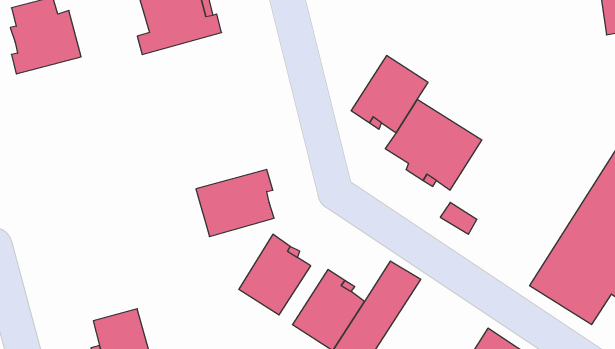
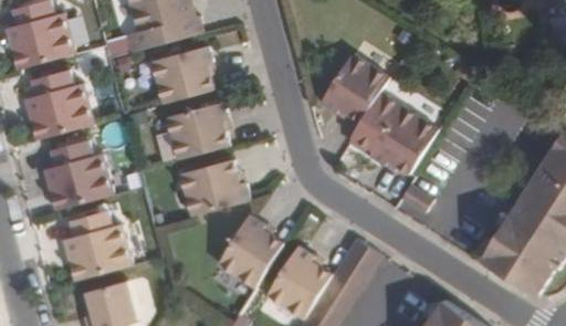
building: none -> [149,45,212,103]
building: none -> [29,69,93,139]
building: none -> [165,101,228,159]
building: none -> [49,139,112,209]
building: none -> [67,210,130,280]

